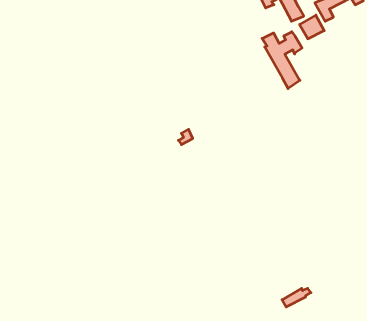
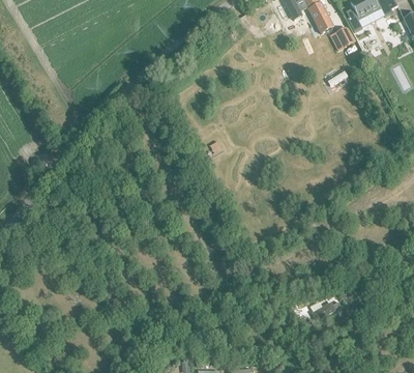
building: [262,32,302,89] -> none

